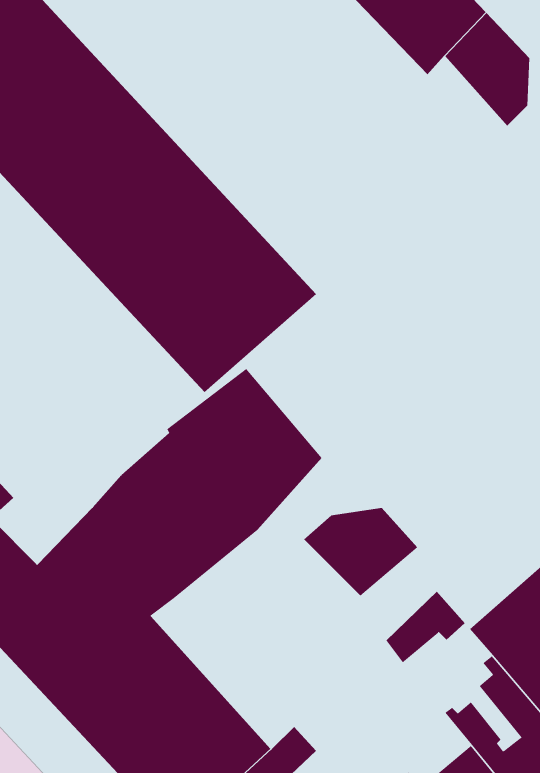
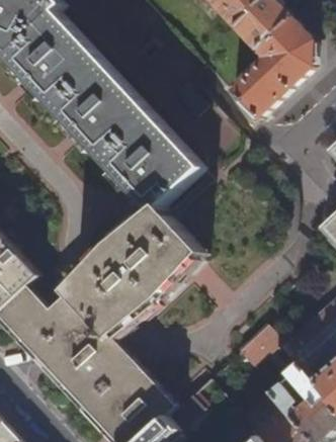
building: none -> [229,36,301,116]
building: [303,507,418,596] -> none

